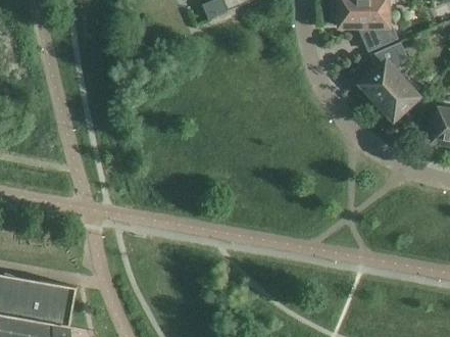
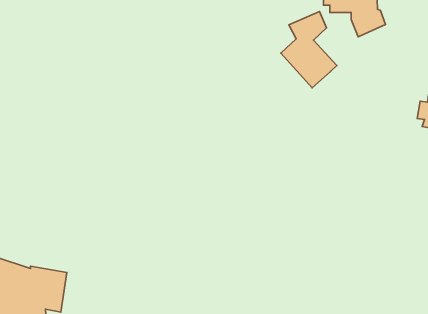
building: [359,43,415,119] -> [281,11,337,88]

